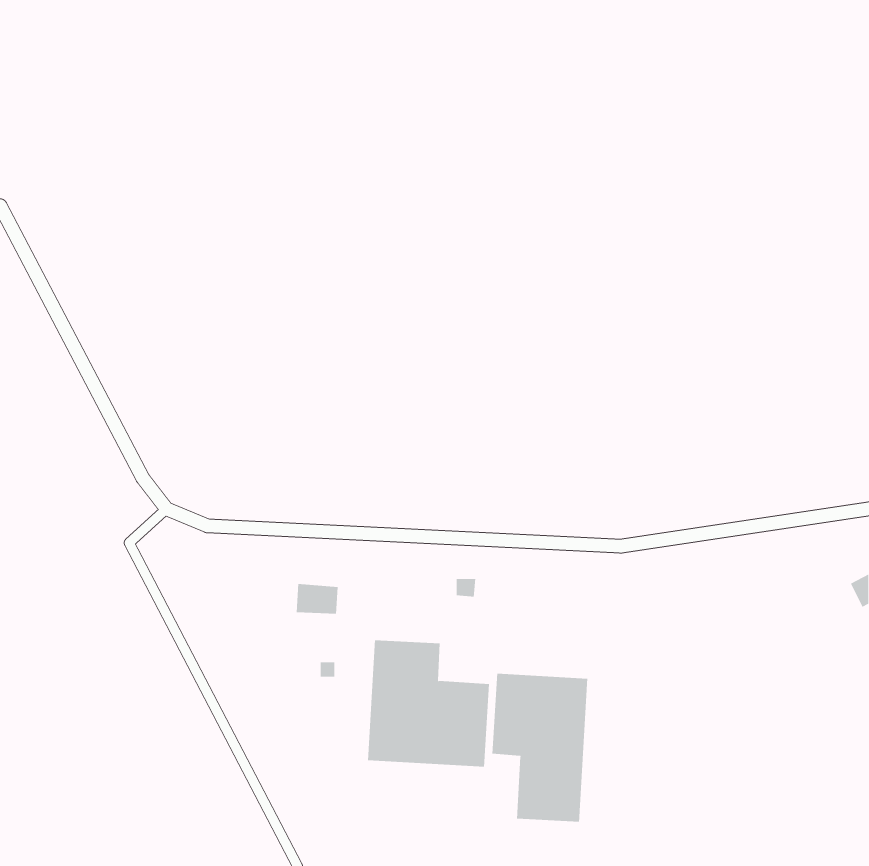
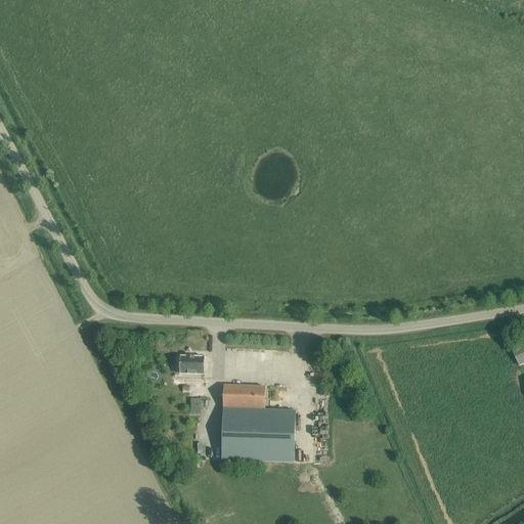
building: [492,673,588,822] -> none

